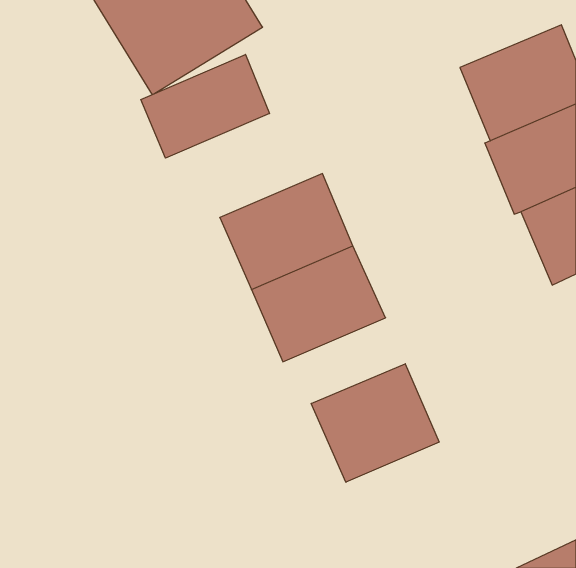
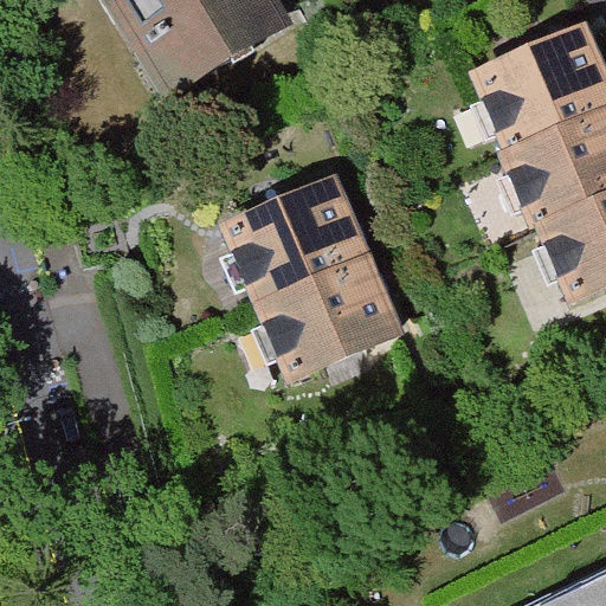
building: [141,54,269,158] -> none
building: [311,364,439,482] -> none

